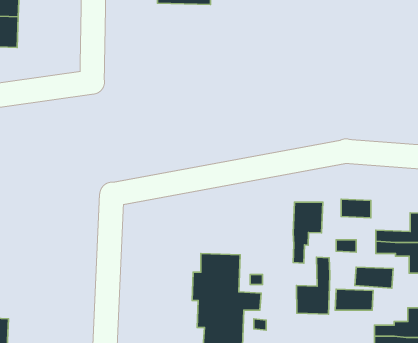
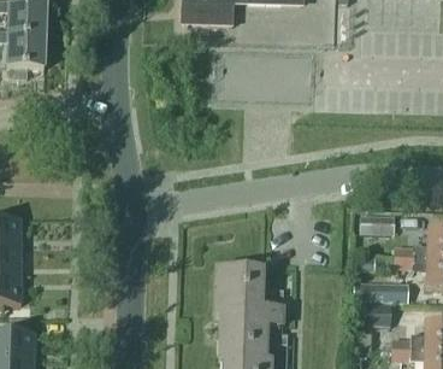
building: [293,202,323,263] -> none
building: [296,257,330,314] -> none

